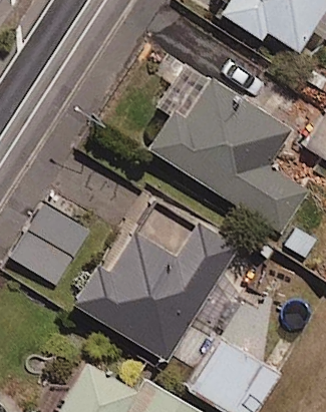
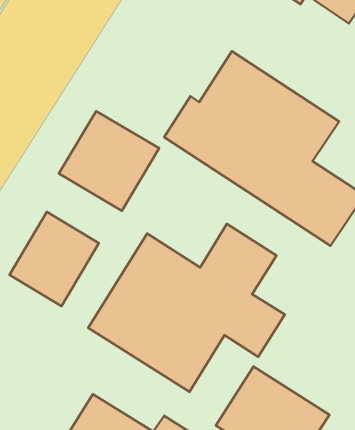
building: none -> [59,111,159,211]

